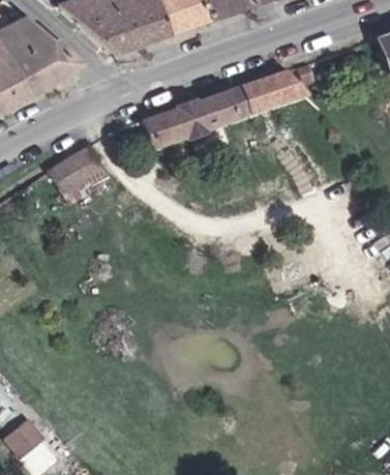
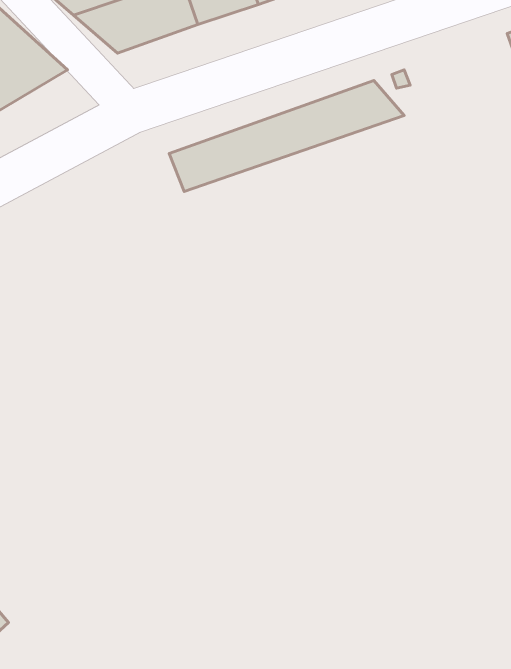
building: [53,148,102,191] -> none

